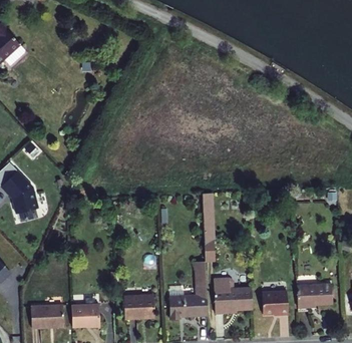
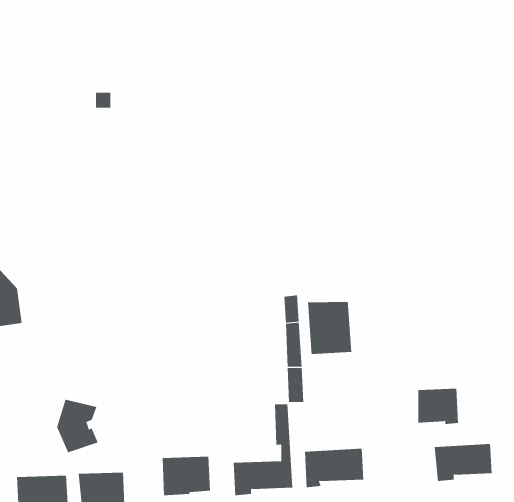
building: none -> [308,301,352,355]
building: none -> [56,399,98,453]
building: [263,291,289,314] -> [418,388,459,425]

